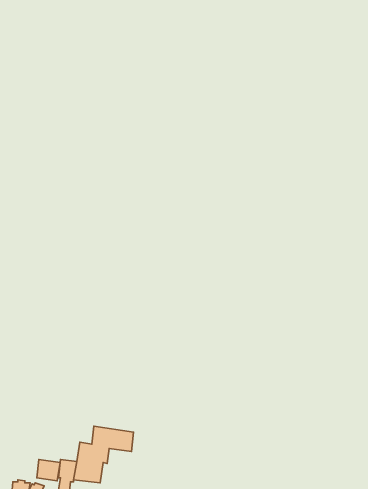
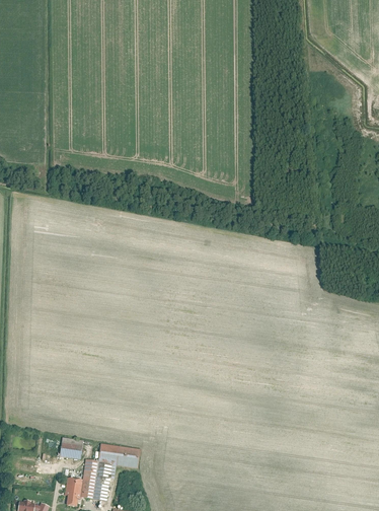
building: [37,459,60,481] -> [60,438,83,459]

